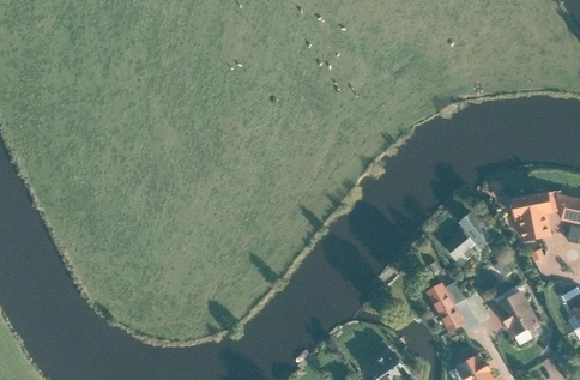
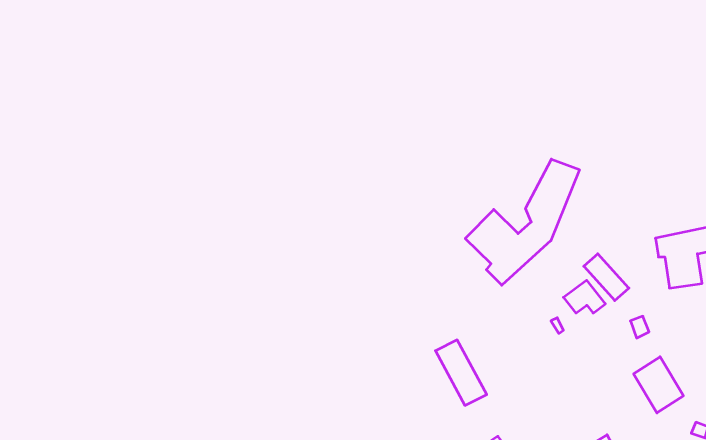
building: none -> [465,159,579,285]
building: [421,282,460,332] -> [435,340,487,405]

